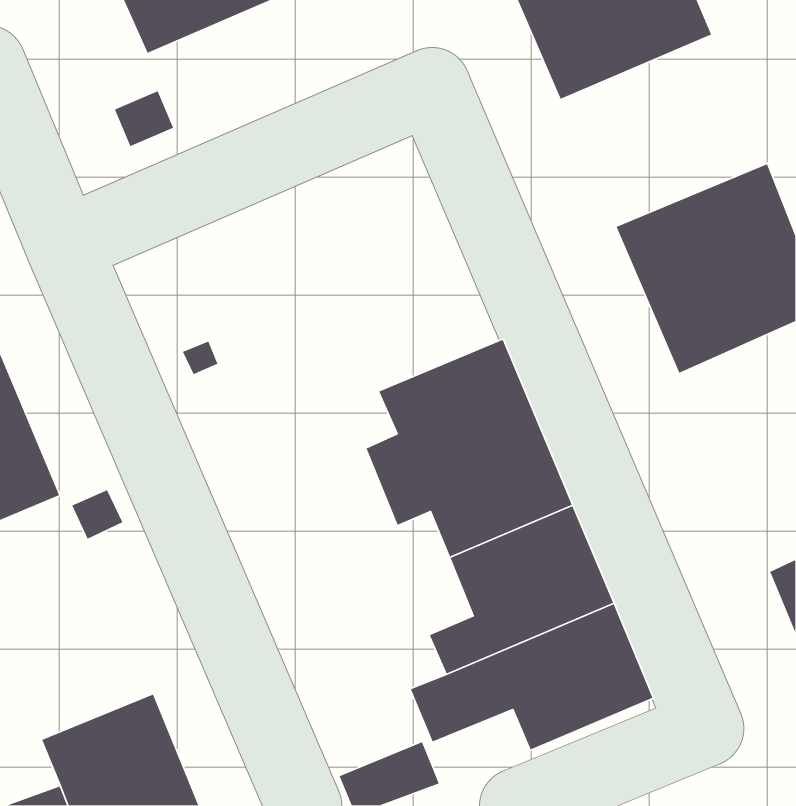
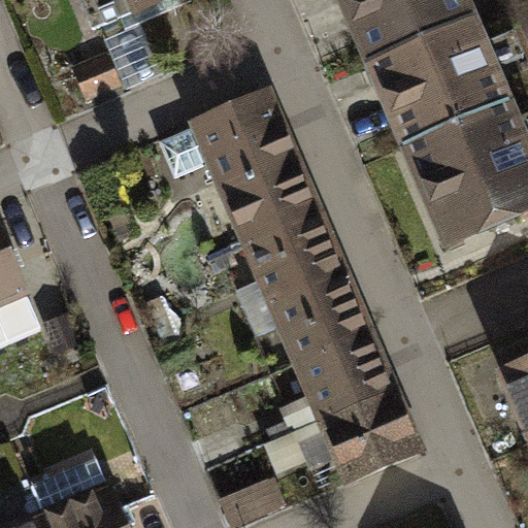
building: none -> [365,23,500,147]
building: none -> [161,90,328,255]

